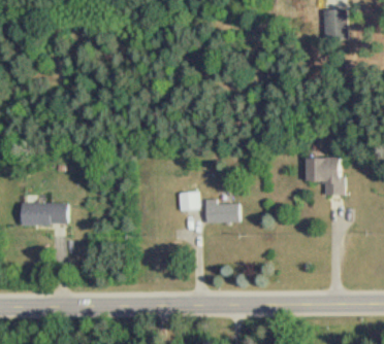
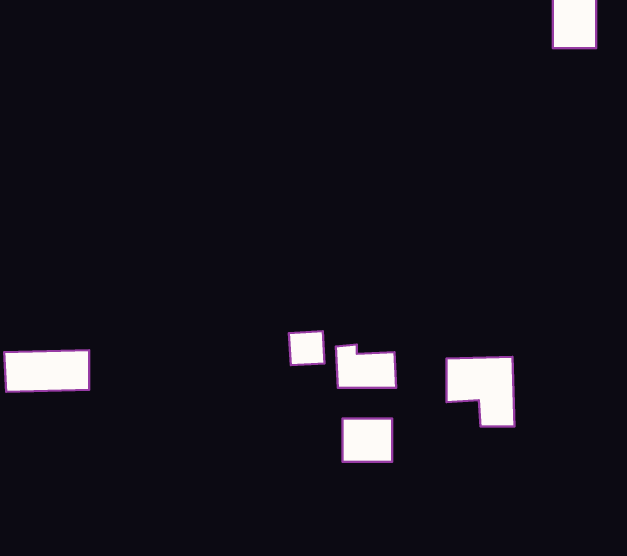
building: [305,157,342,195] -> [447,357,515,427]
building: none -> [342,418,392,462]

